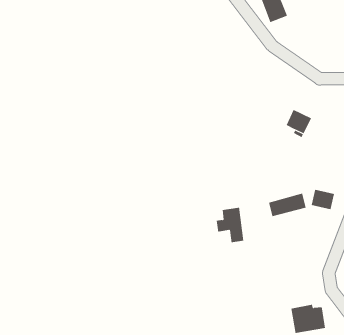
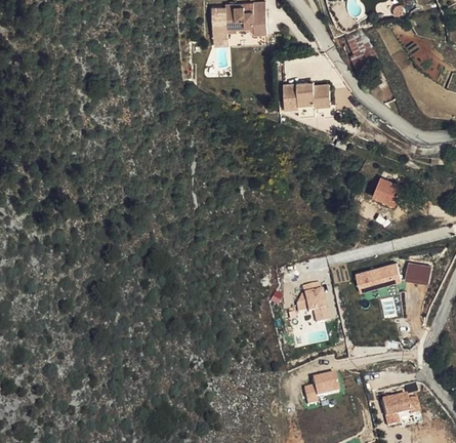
building: none -> [282,76,334,112]
building: none -> [303,374,338,405]

